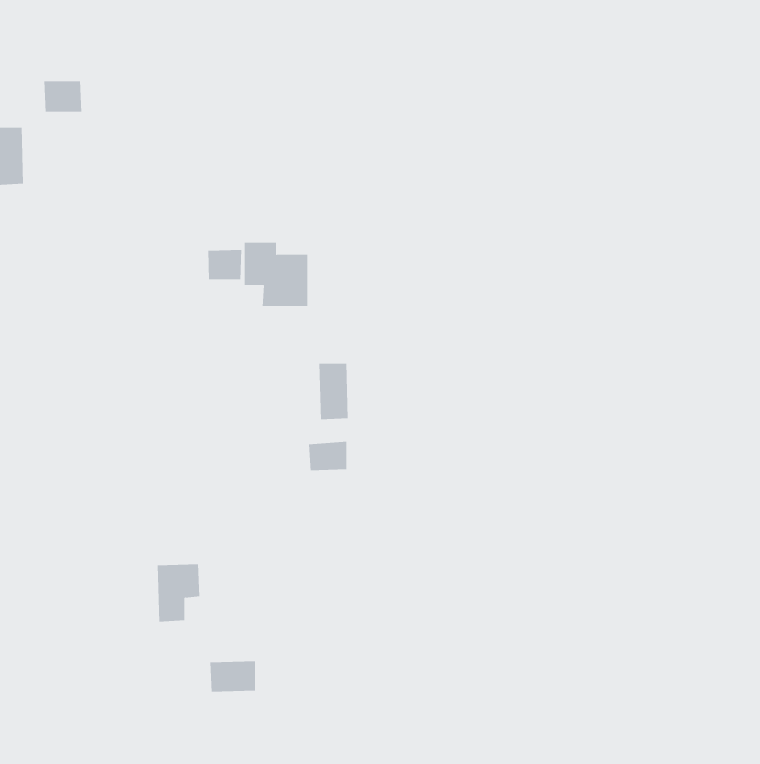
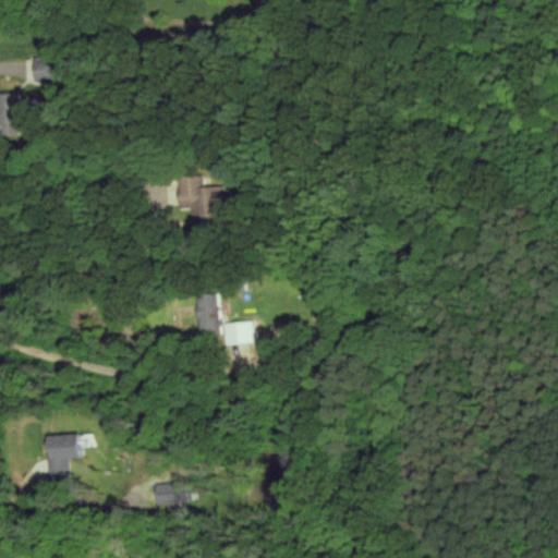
building: [208,249,242,280] -> none
building: [319,363,349,420] -> [196,293,218,335]
building: [157,564,200,622] -> [46,434,77,476]

